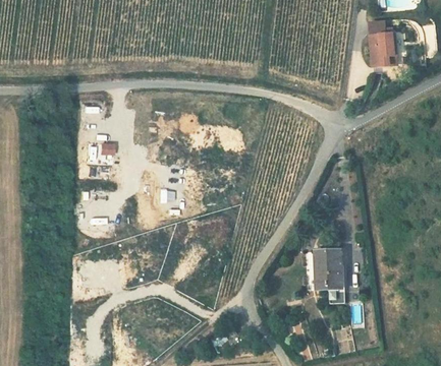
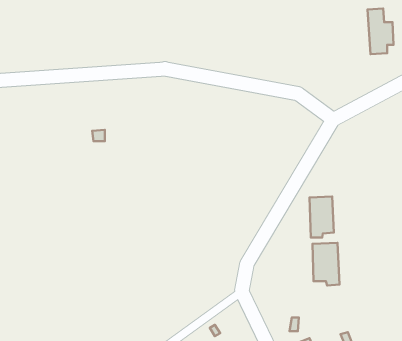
building: none -> [310,197,334,238]

